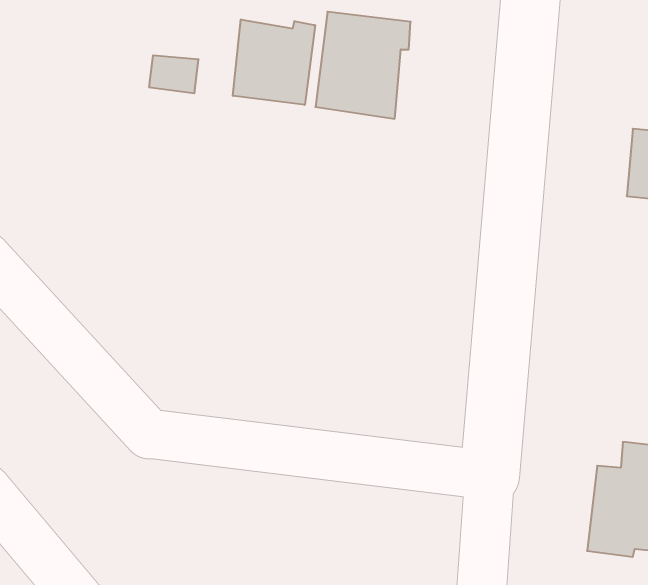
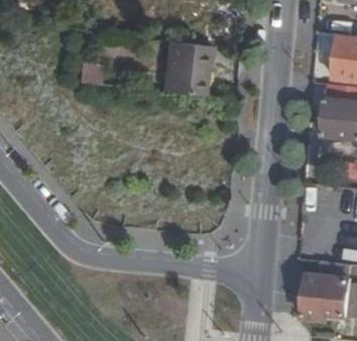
building: [233,19,315,105] -> none

